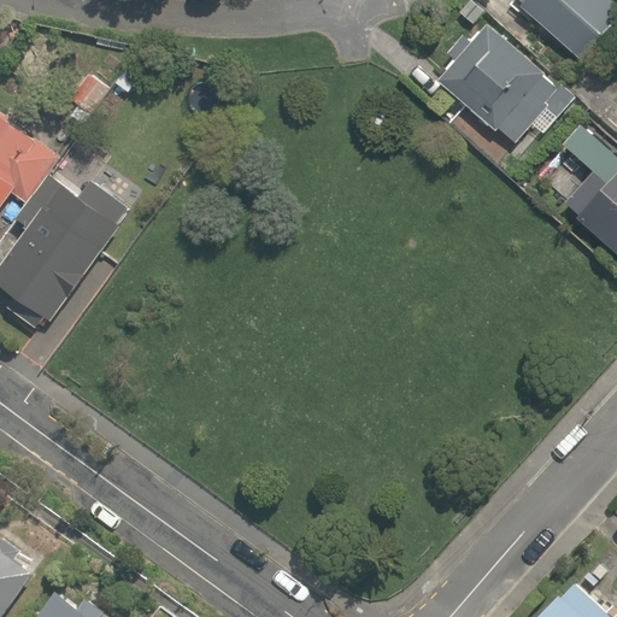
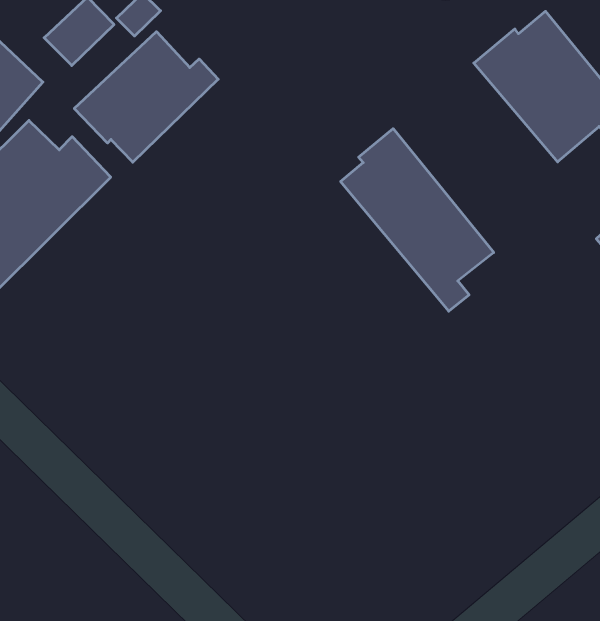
building: none -> [74,32,218,162]
building: none -> [341,129,494,311]

